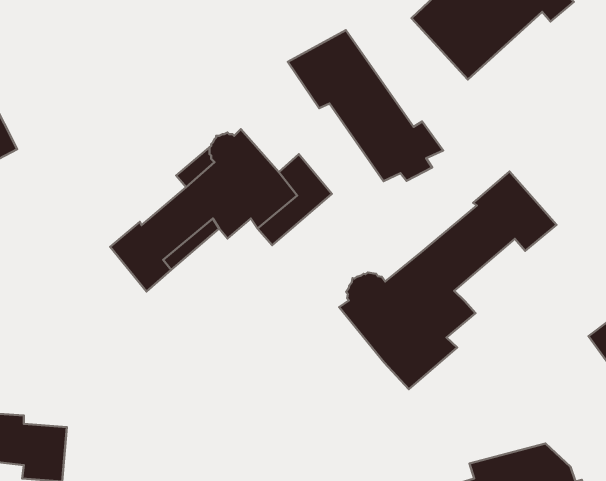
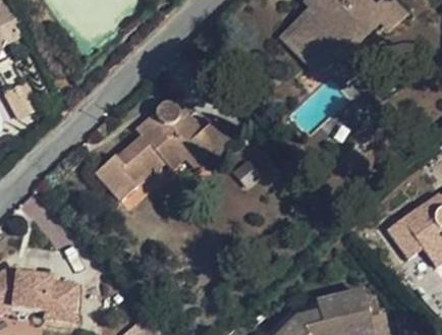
building: [288,30,443,181] -> none
building: [339,171,557,389] -> none

